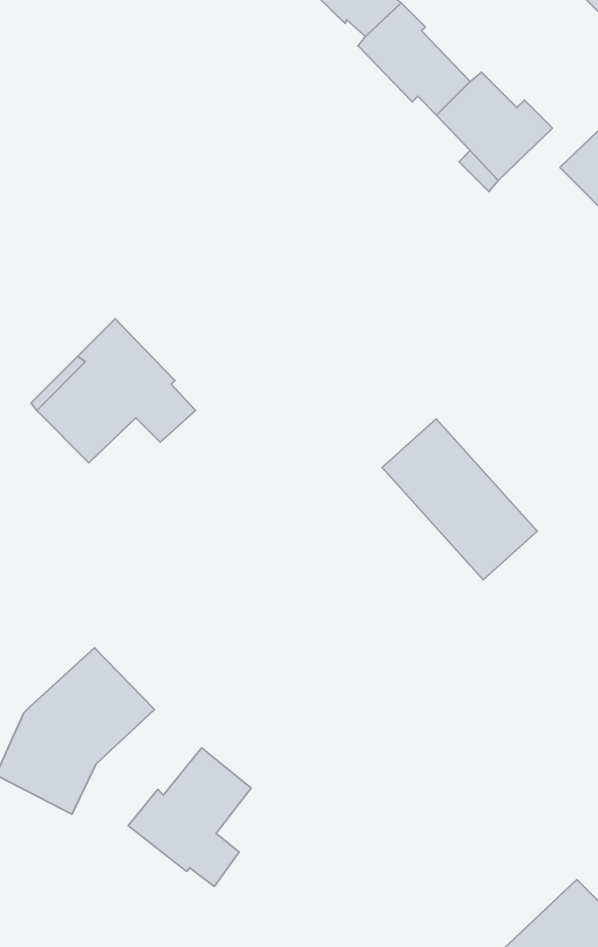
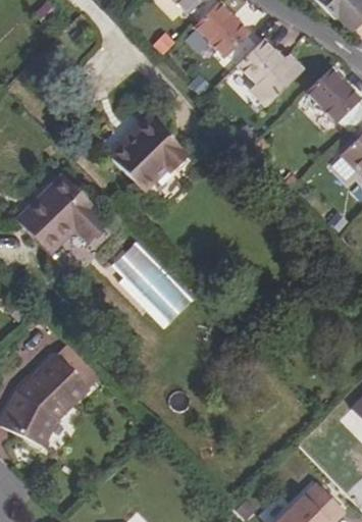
building: none -> [108,119,186,194]
building: [382,419,537,580] -> [108,240,193,327]
building: [128,748,251,886] -> none

